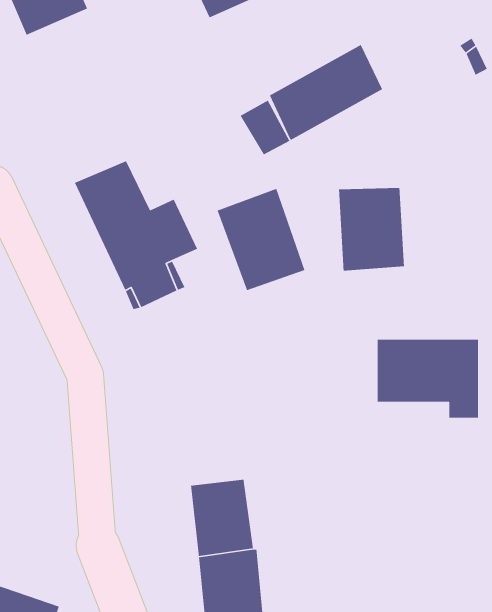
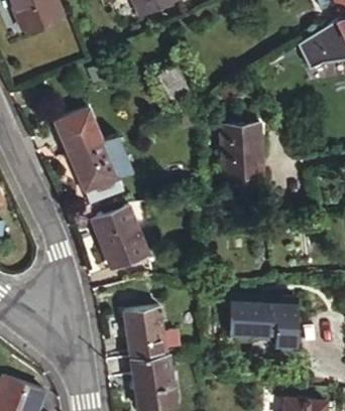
building: [269,44,383,141] -> none
building: [216,188,306,291] -> [94,203,150,269]
building: [377,339,479,418] -> [231,295,296,346]

